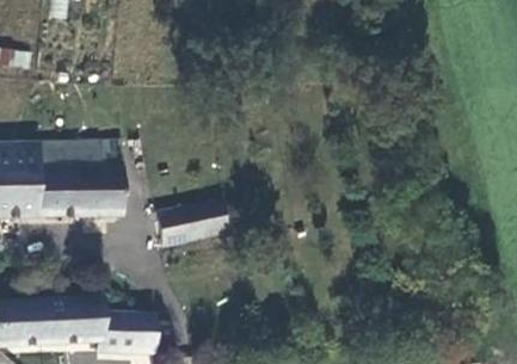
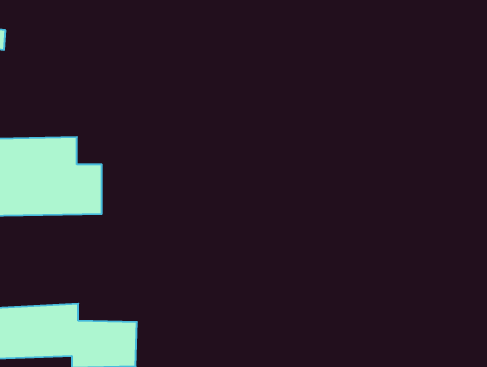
building: [158,200,229,245] -> none

